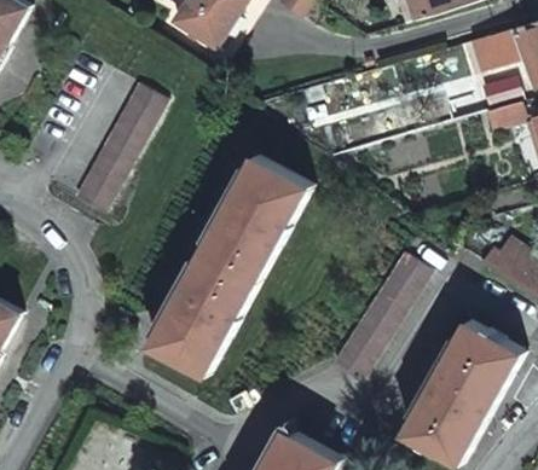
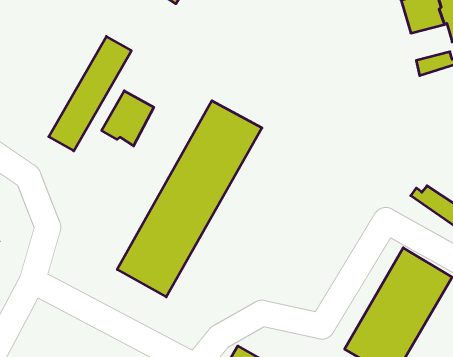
building: none -> [102,91,154,146]
building: [334,250,433,376] -> none

